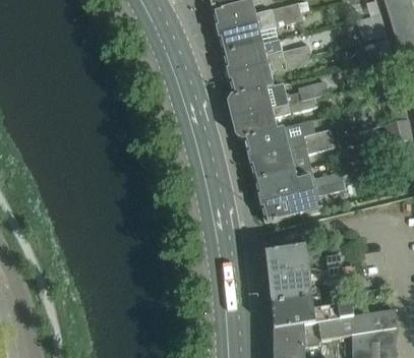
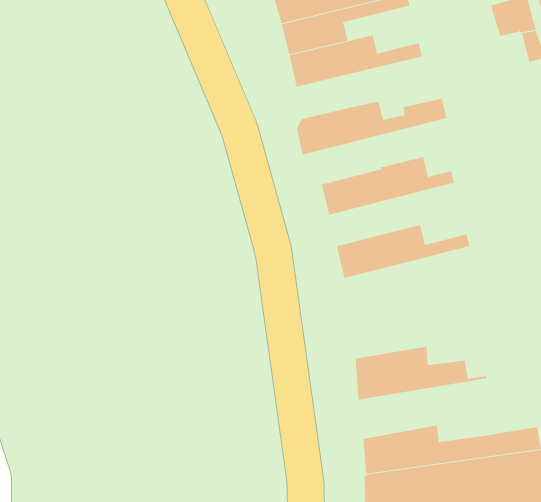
building: [228,53,313,94] -> none
building: [232,97,317,137] -> none
building: [249,136,335,178] -> none
building: [259,178,345,223] -> none
building: [269,265,356,305] -> none

